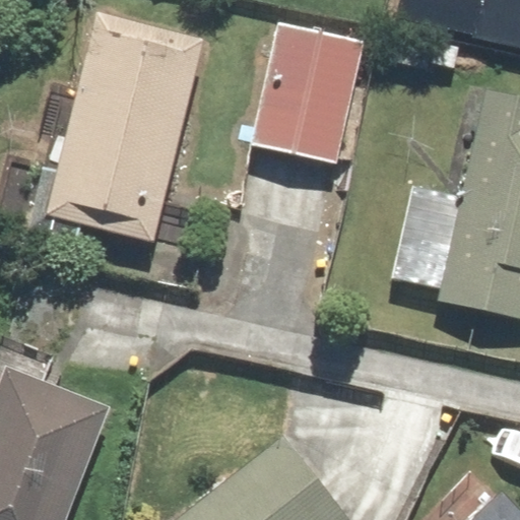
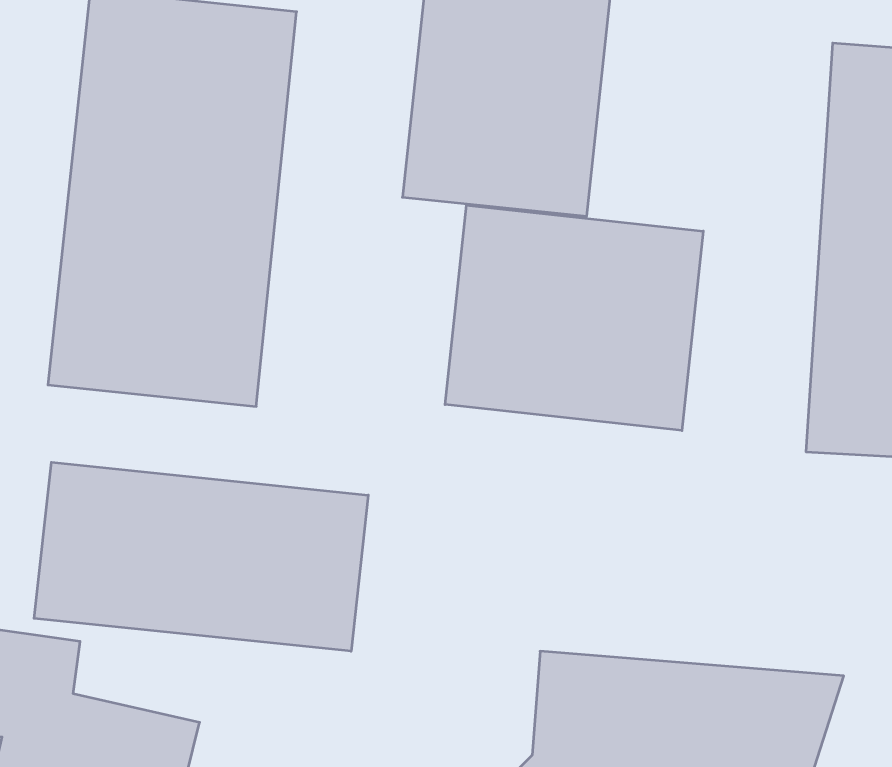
building: none -> [445,205,703,431]
building: none -> [34,462,368,651]

